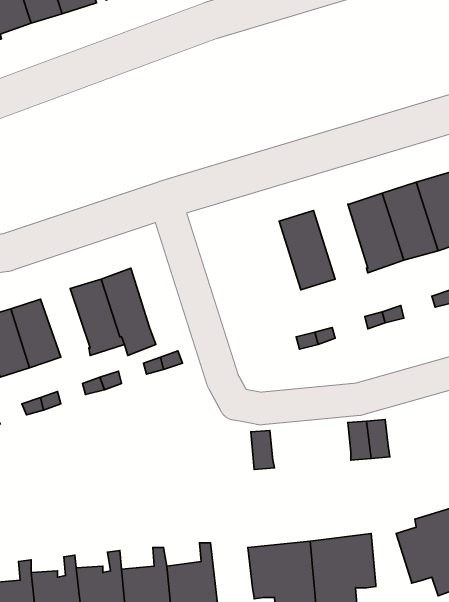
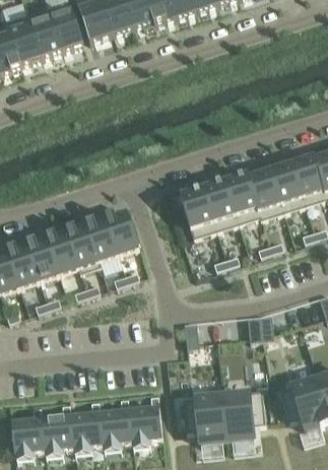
building: none -> [224,171,260,222]
building: none -> [179,185,216,237]
building: none -> [106,209,139,254]
building: none -> [47,228,79,273]

